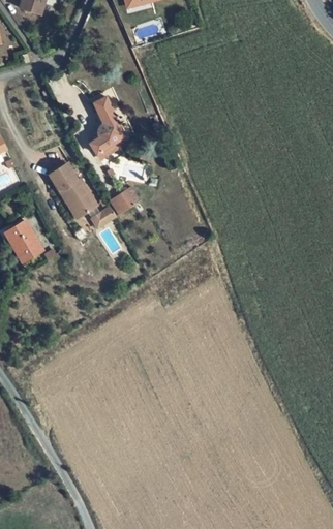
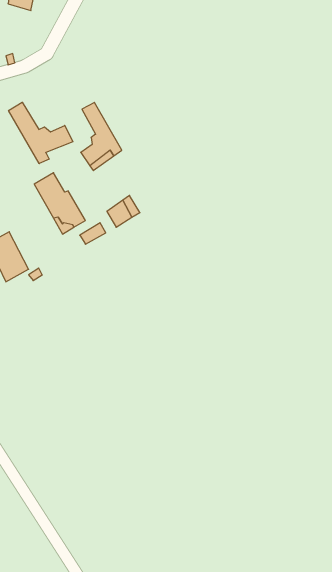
building: none -> [9,102,73,164]

